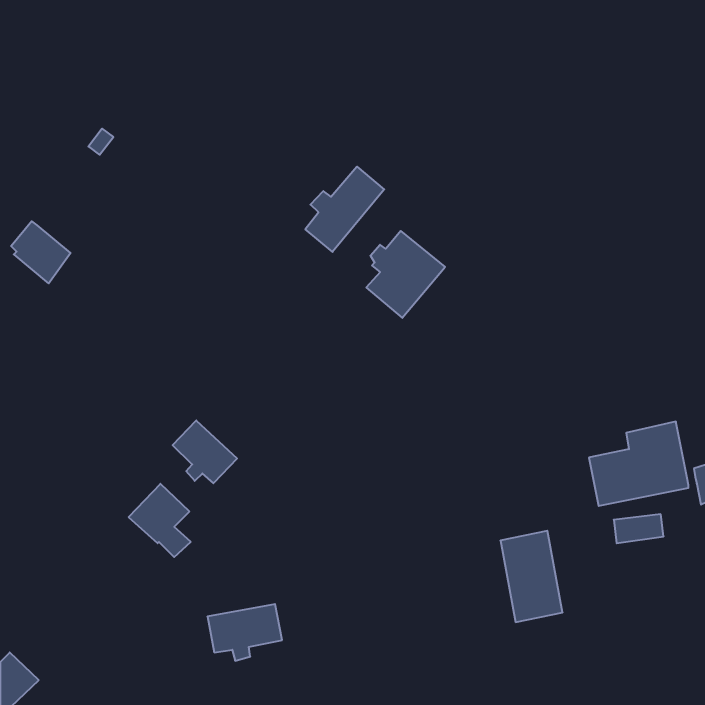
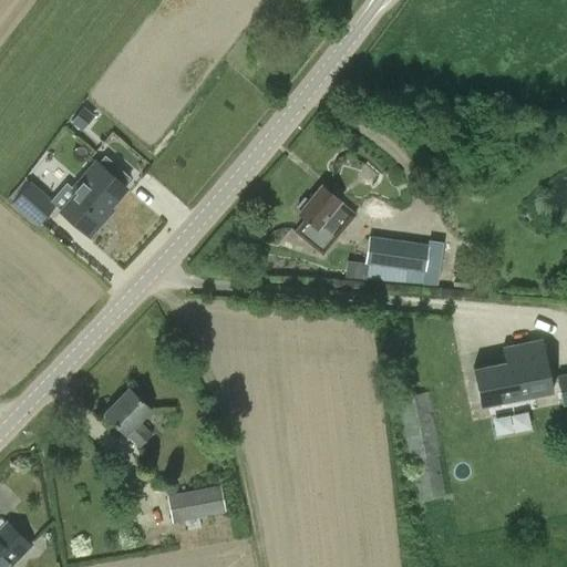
building: [305,167,384,252] -> none
building: none -> [62,163,127,237]
building: none -> [351,236,444,286]
building: [173,420,237,483] -> none

